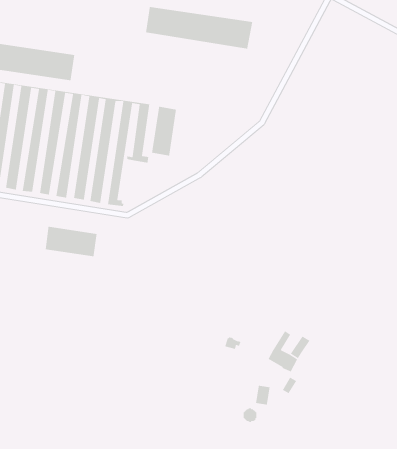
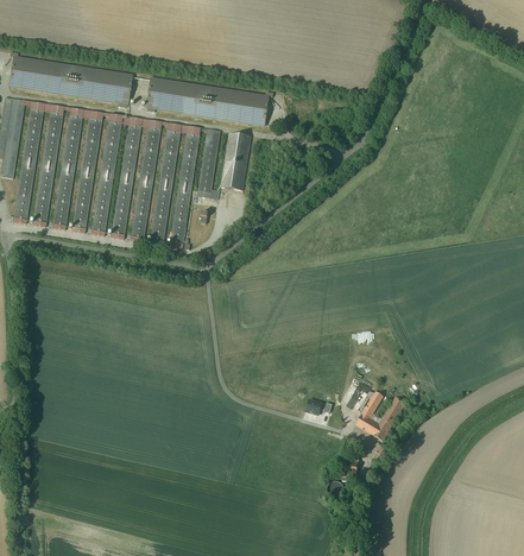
building: [145,6,253,49] -> [144,76,269,126]
building: [45,226,98,257] -> none

